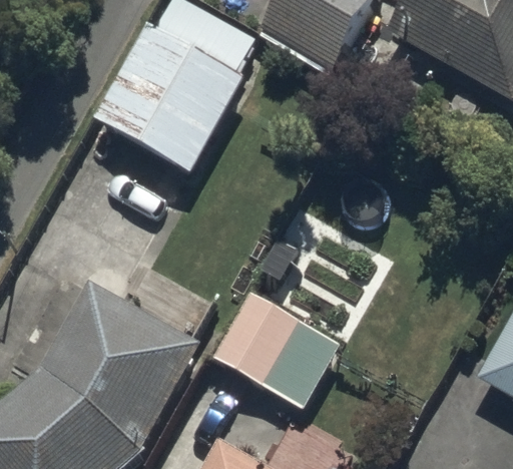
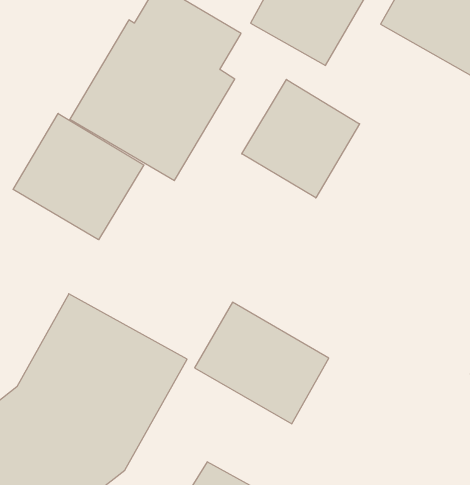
building: none -> [242,79,360,198]
building: none -> [13,113,144,240]

